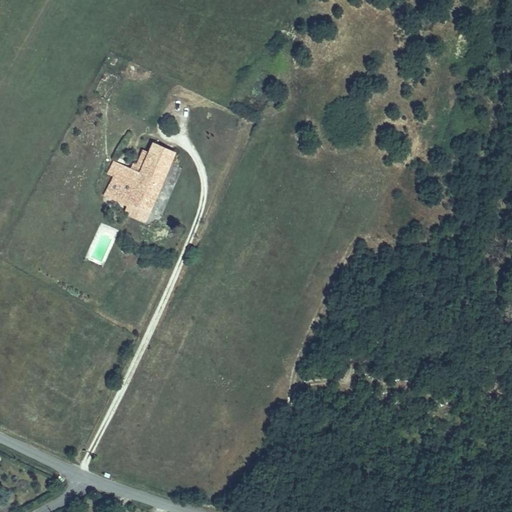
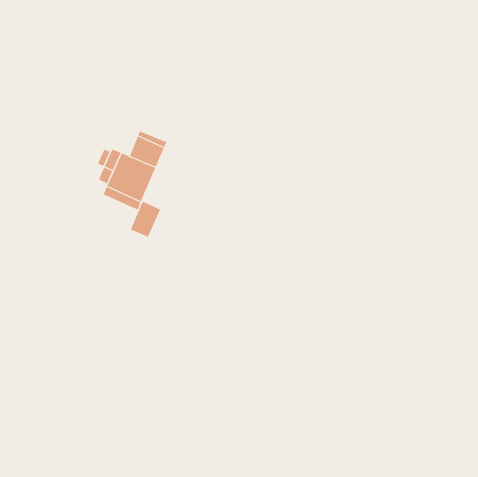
building: none -> [130,201,161,238]

